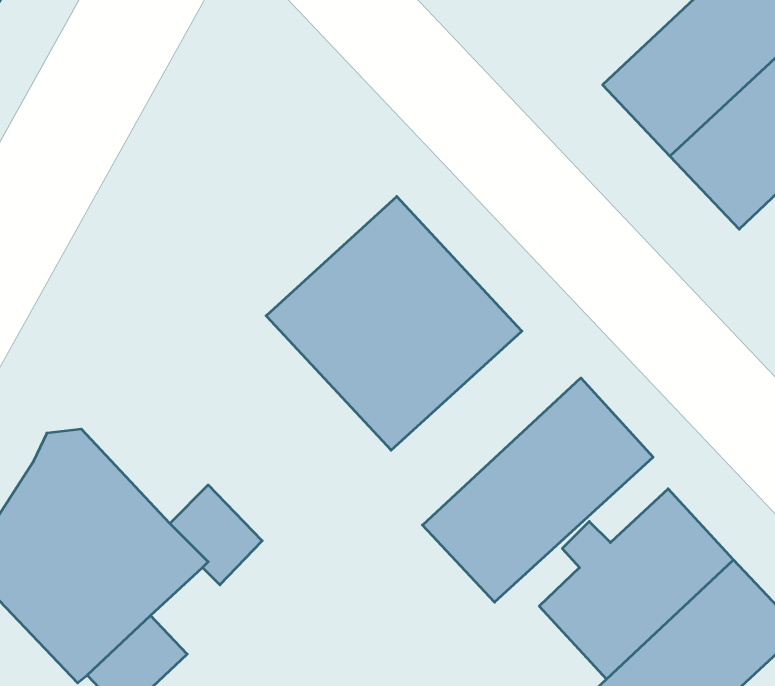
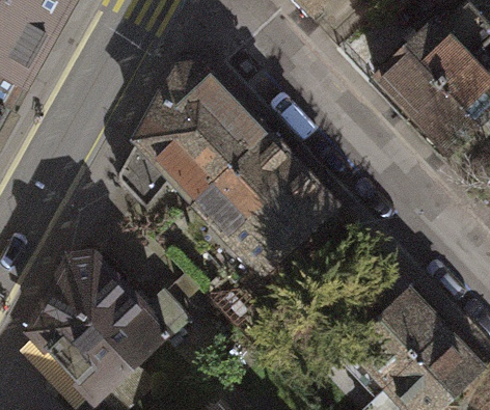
building: none -> [119,63,265,202]
building: [422,378,653,602] -> none

